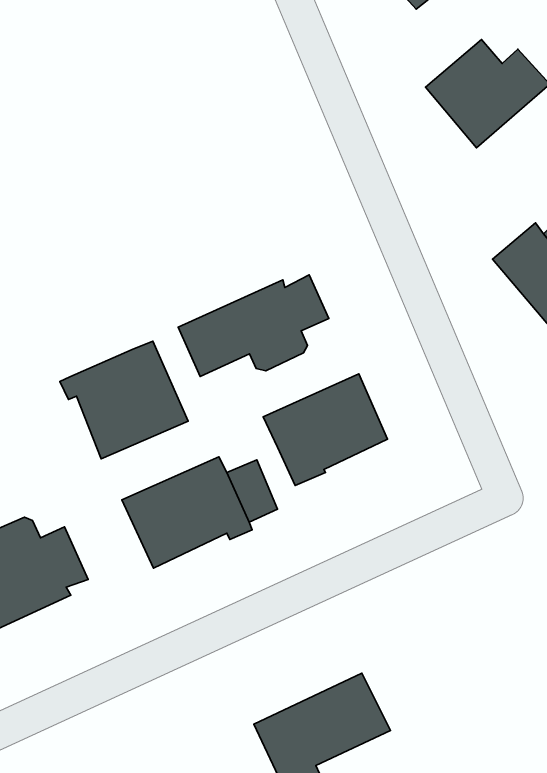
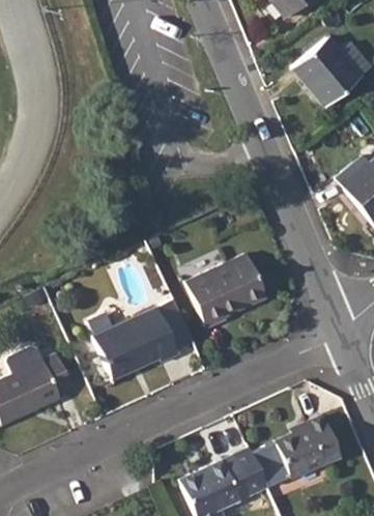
building: [178,275,329,376] -> none
building: [60,341,188,459] -> none
building: none -> [275,417,341,478]

